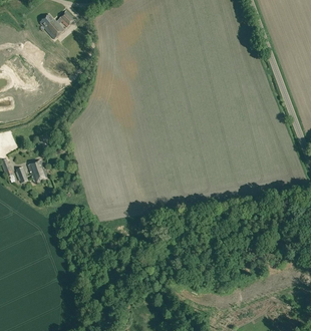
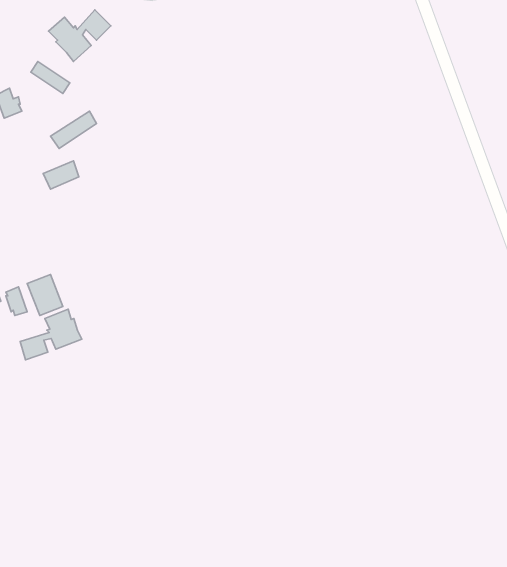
building: none -> [20,309,82,360]

